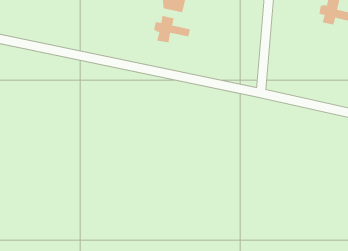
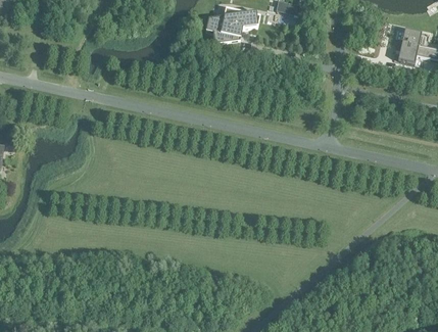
building: [153,15,191,43] -> none

